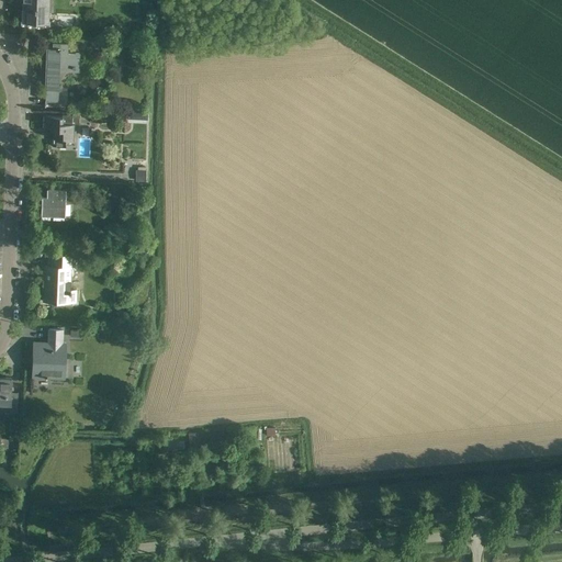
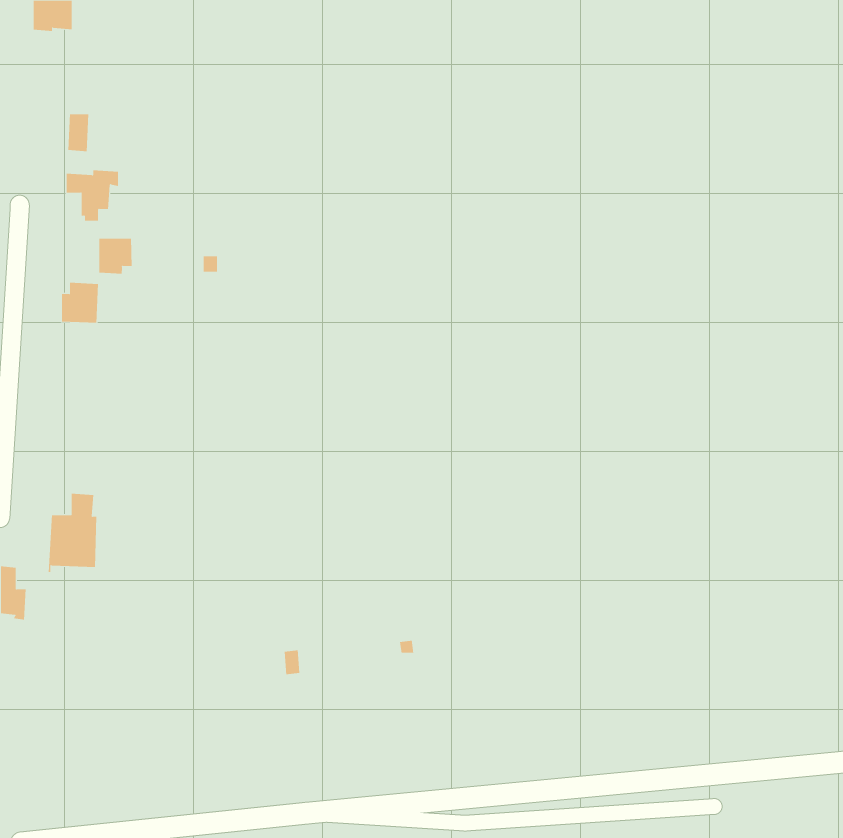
building: [46,45,79,79] -> none
building: none -> [99,238,132,274]
building: [43,257,77,304] -> none

